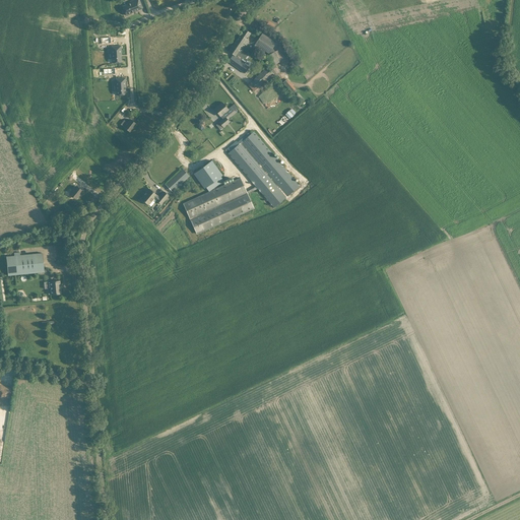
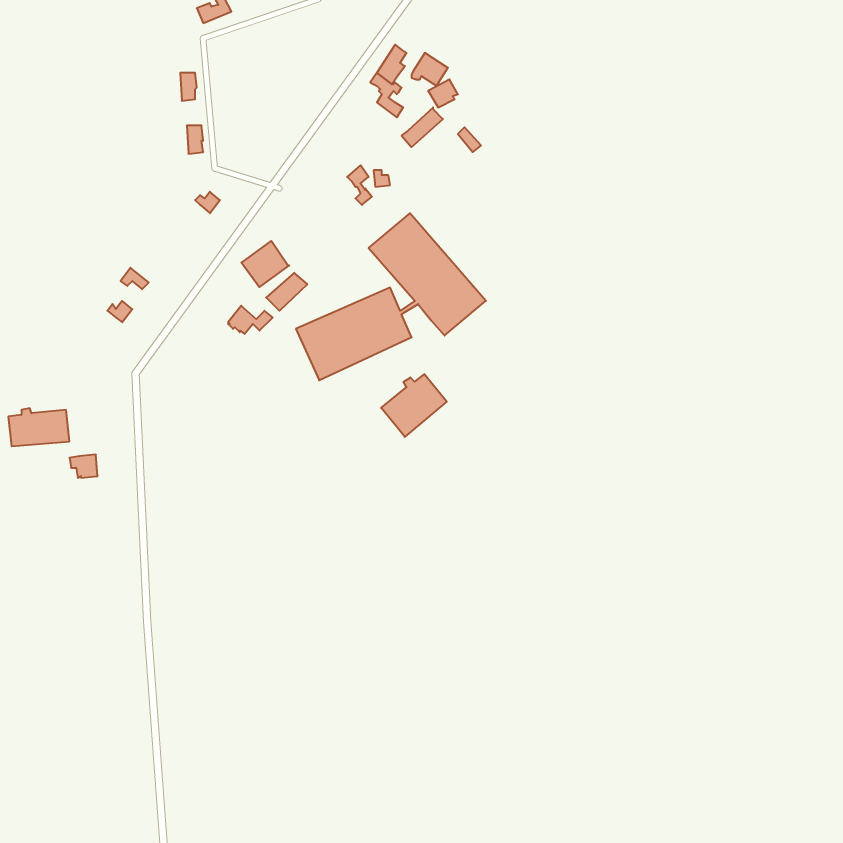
building: [192,159,221,188] -> [241,241,289,287]
building: none -> [381,374,447,437]

